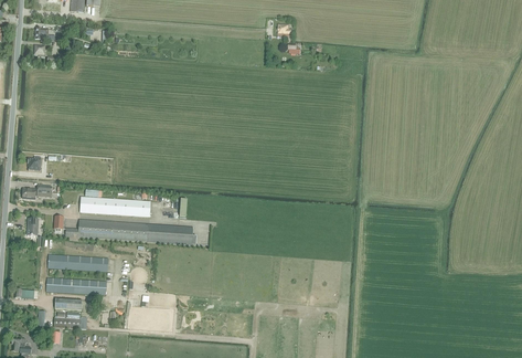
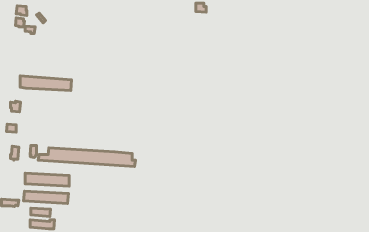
building: [81,196,150,215] -> [20,76,72,91]

